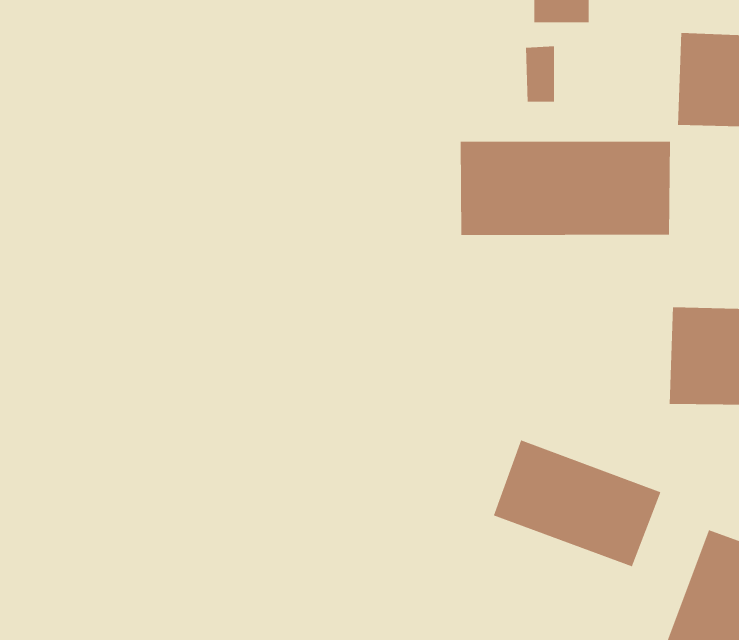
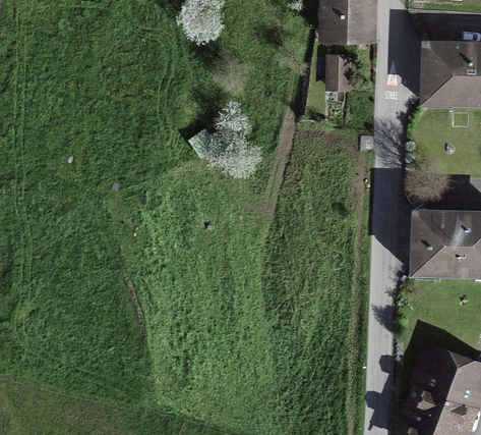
building: [460,141,671,236] -> none
building: [493,439,661,567] -> none

